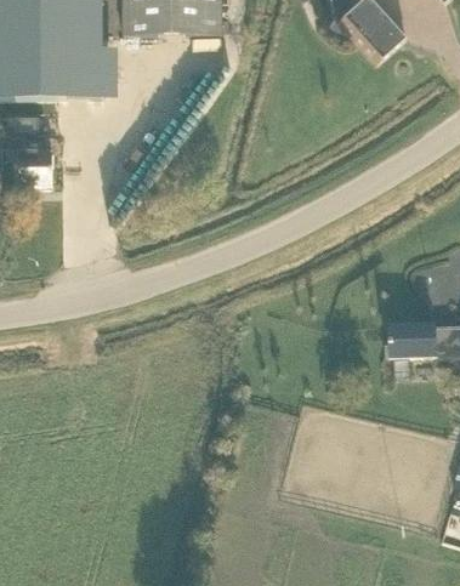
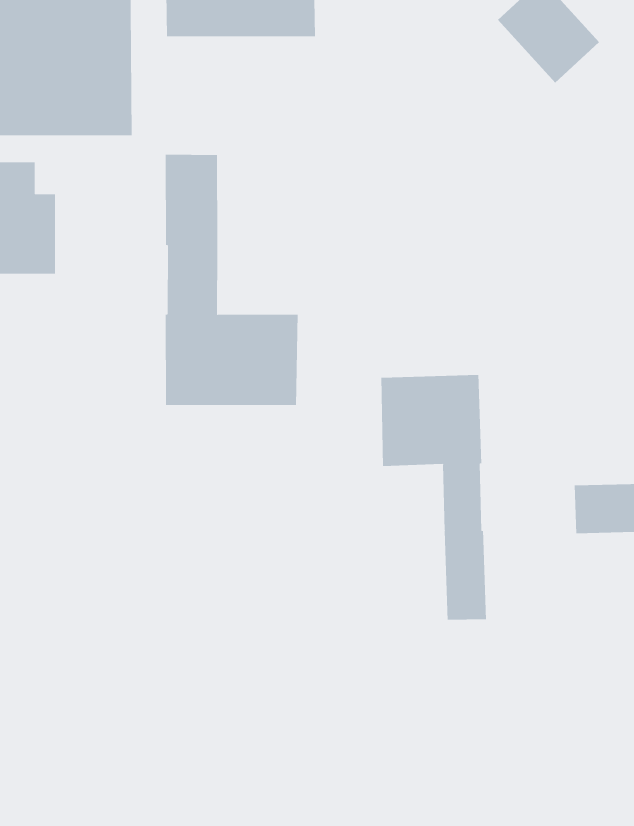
building: none -> [165,154,298,406]
building: none -> [381,374,486,620]

